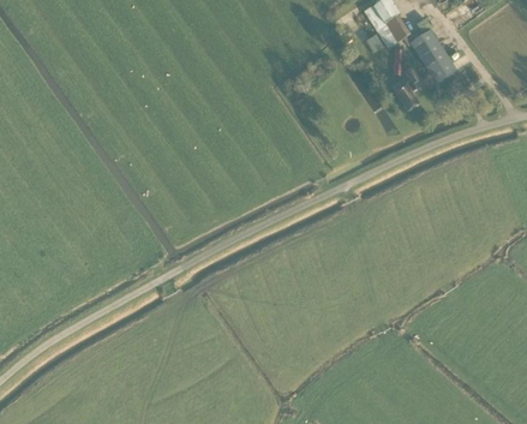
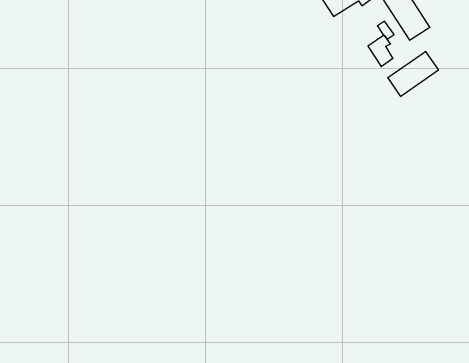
building: none -> [388,51,438,96]

